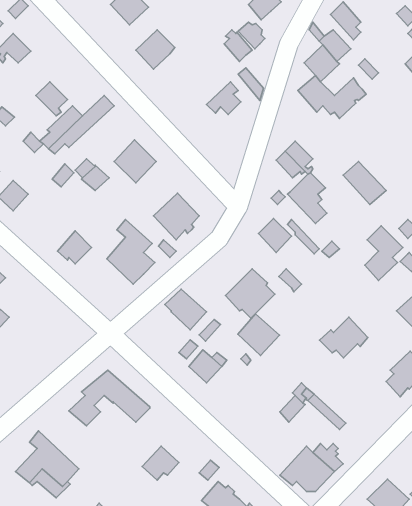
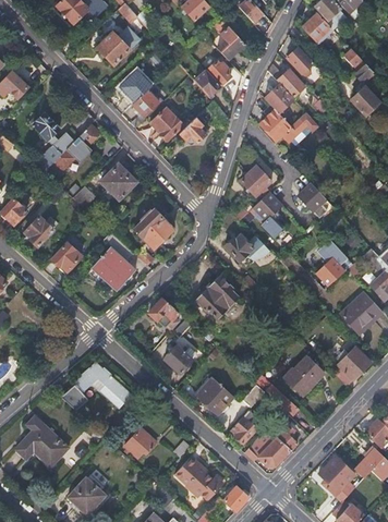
building: none -> [130,90,159,130]
building: none -> [150,108,184,142]
building: none -> [24,217,52,247]
building: [238,314,279,356] -> [197,378,233,414]
building: [320,317,368,358] -> [284,354,326,389]
building: none -> [230,410,257,444]

